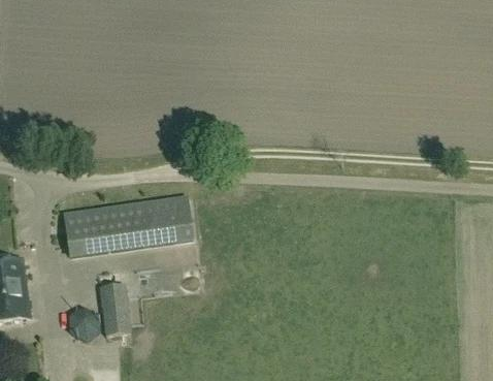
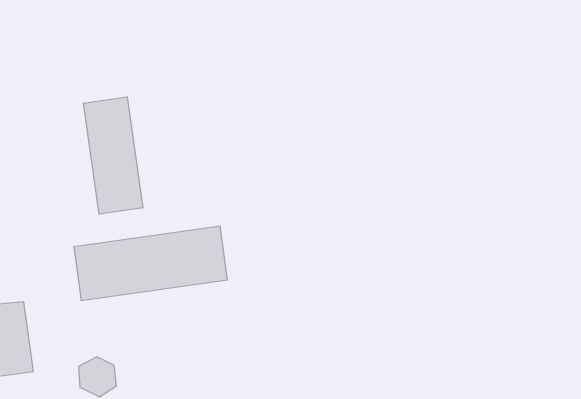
building: none -> [83,97,143,214]
building: [99,282,131,335] -> none

